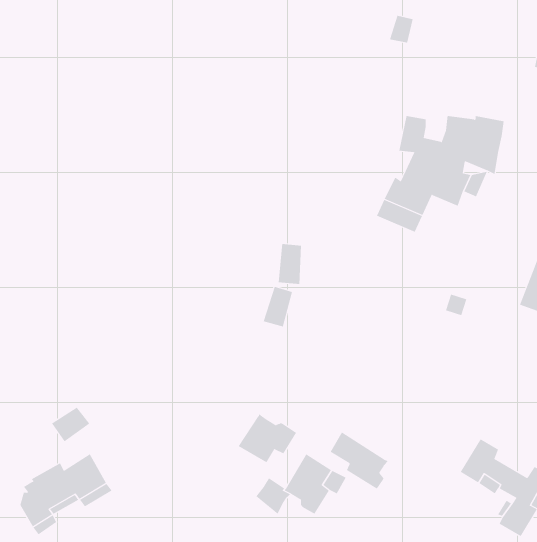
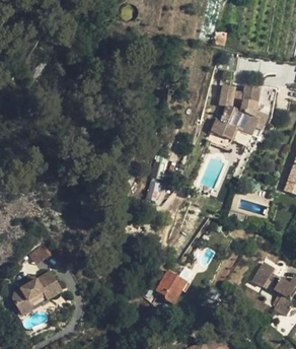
building: [238,413,297,463] -> none
building: [330,432,389,489] -> none

